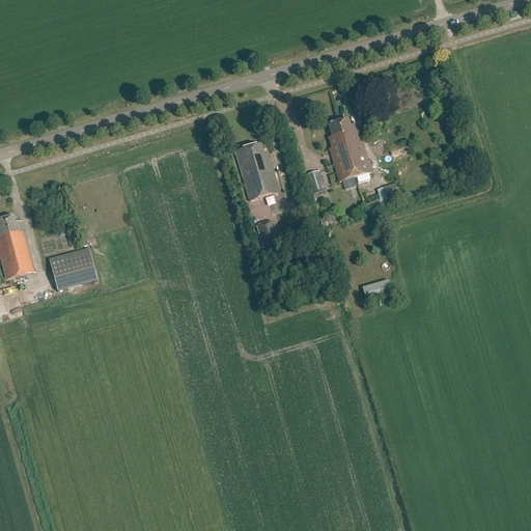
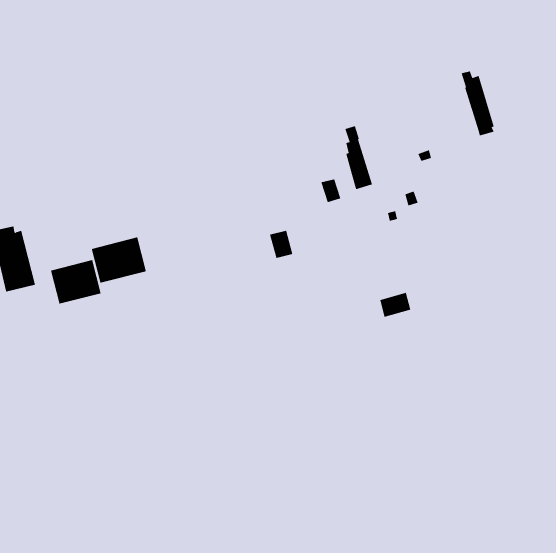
building: [338,117,370,179] -> [461,71,495,136]
building: [234,142,279,199] -> none
building: none -> [91,237,146,284]

